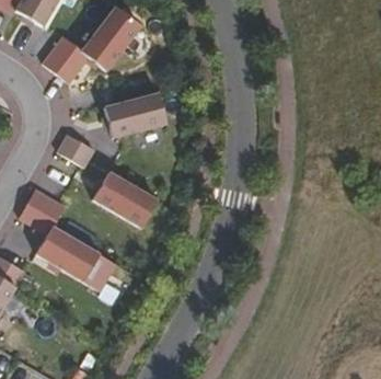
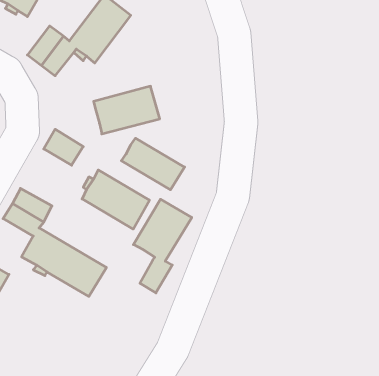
building: none -> [121,138,185,190]
building: none -> [133,199,192,293]

